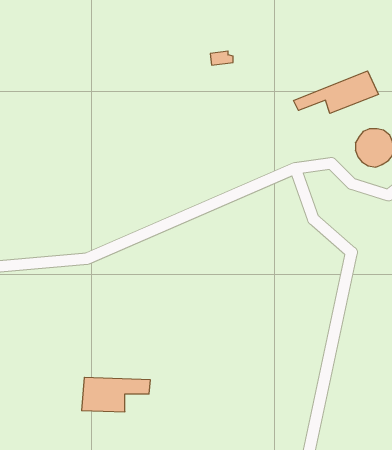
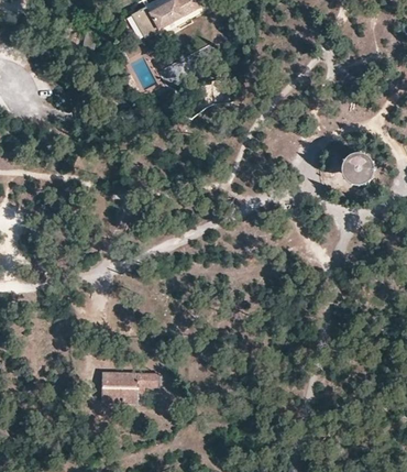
building: [294,71,378,113] -> none

